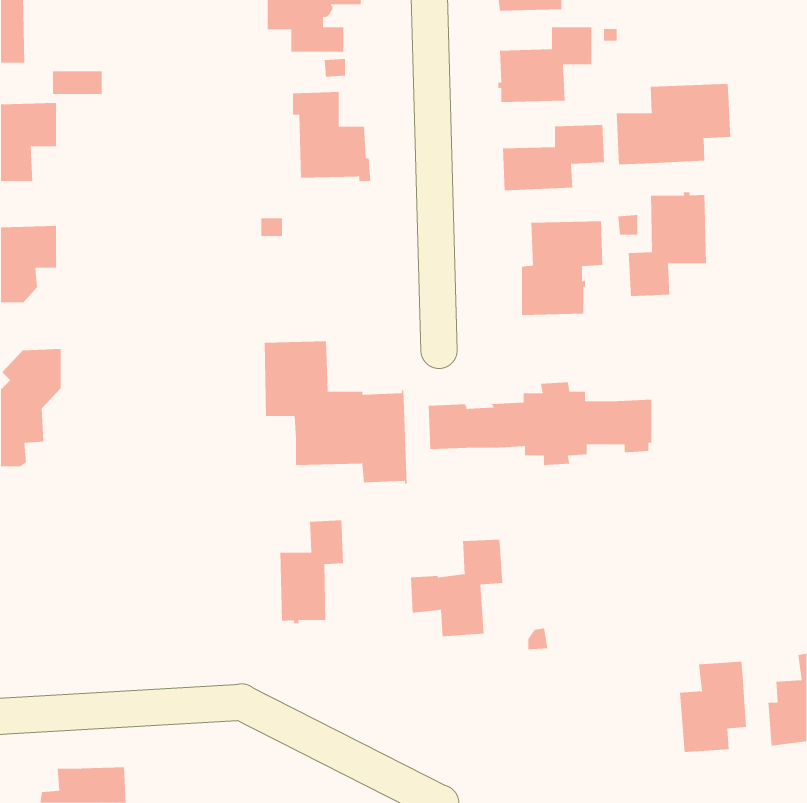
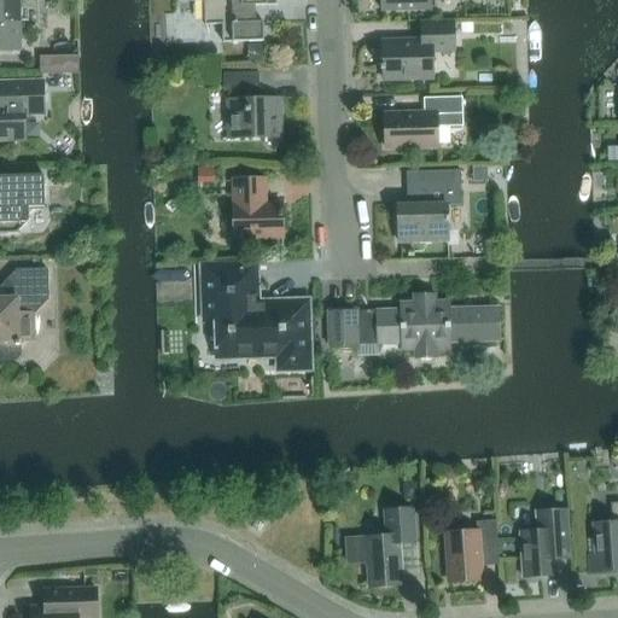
building: [616,83,731,165] -> none
building: [628,191,706,297] -> none
building: none -> [233,176,282,237]
building: [280,520,344,624] -> none
building: [410,539,503,637] -> [344,507,415,582]
building: none -> [445,518,499,581]

